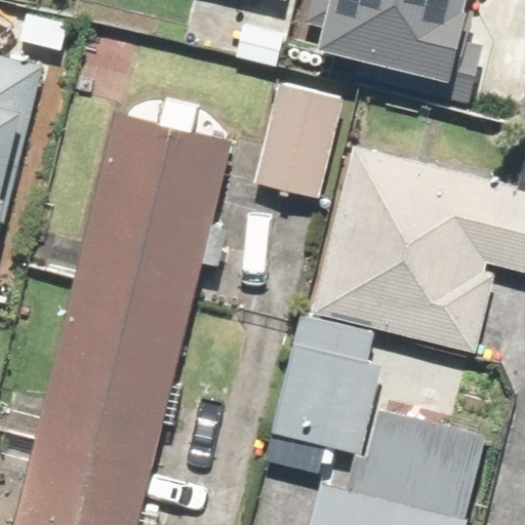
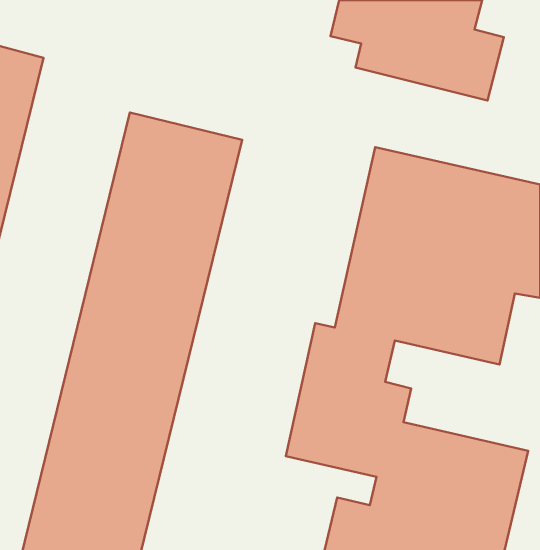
building: [255,83,337,198] -> none

